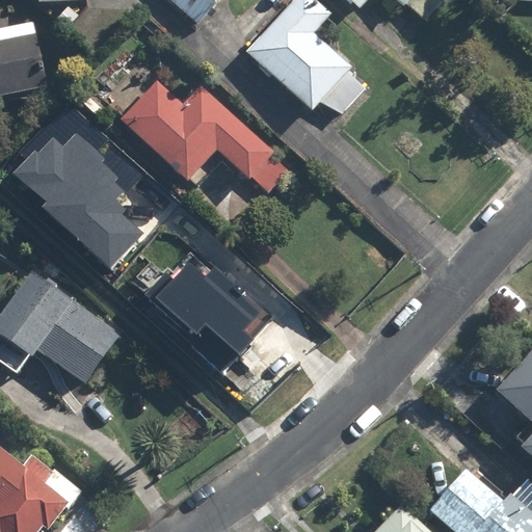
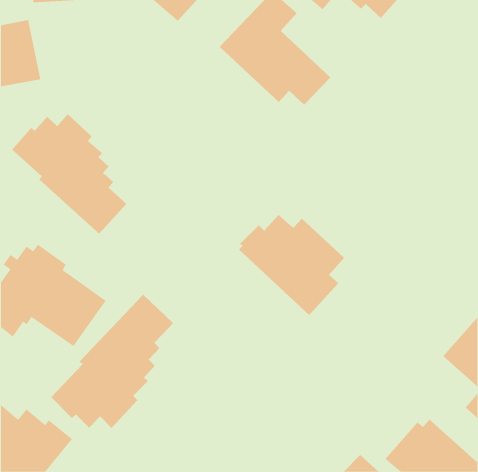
building: [118,82,289,197] -> none
building: [143,256,262,369] -> [238,214,345,316]
building: none -> [50,294,174,429]

